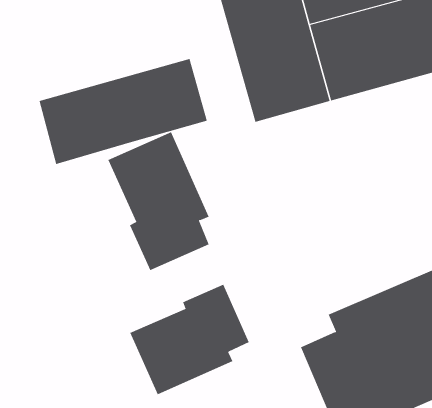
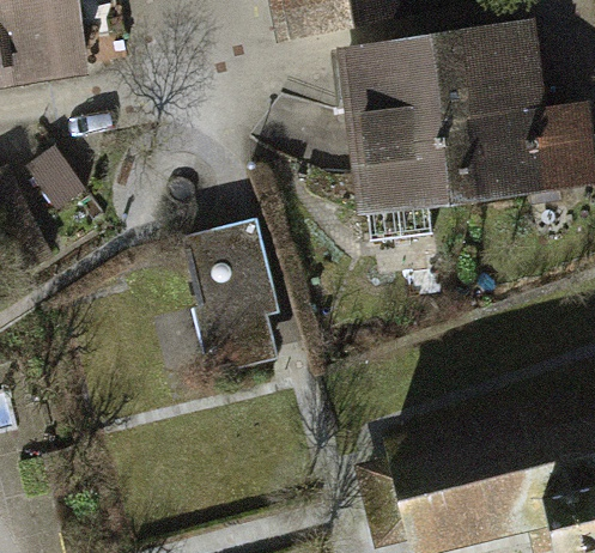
building: [39,58,207,165] -> none
building: [130,284,249,395] -> none

